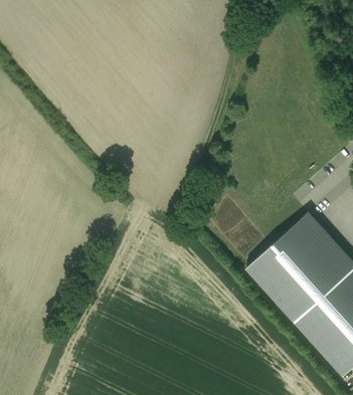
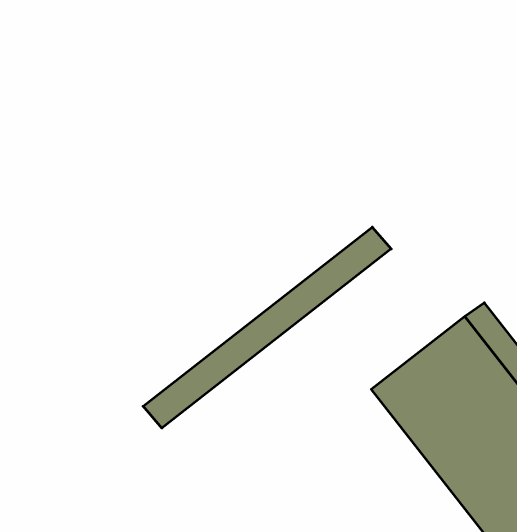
building: none -> [143,227,391,428]

